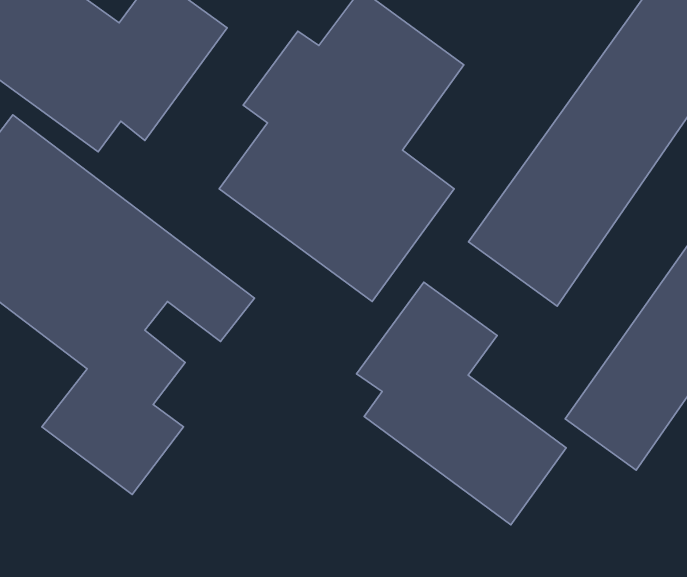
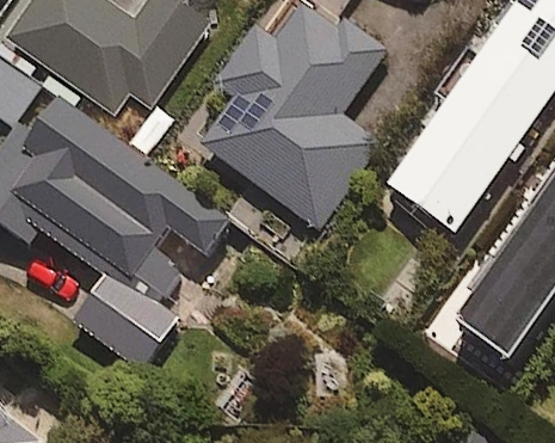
building: [357,282,566,525] -> none

